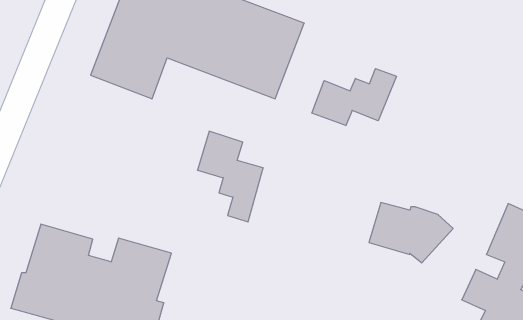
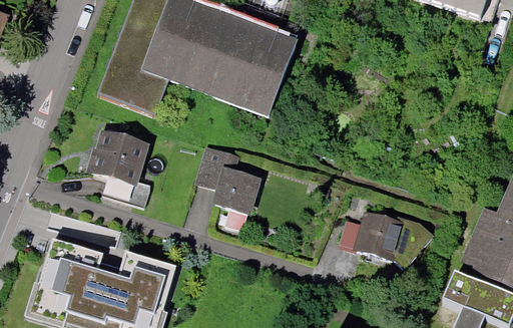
building: [312,69,396,126] -> none
building: none -> [93,133,152,208]

